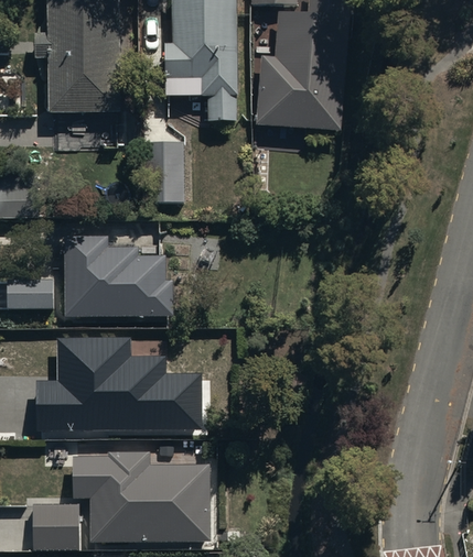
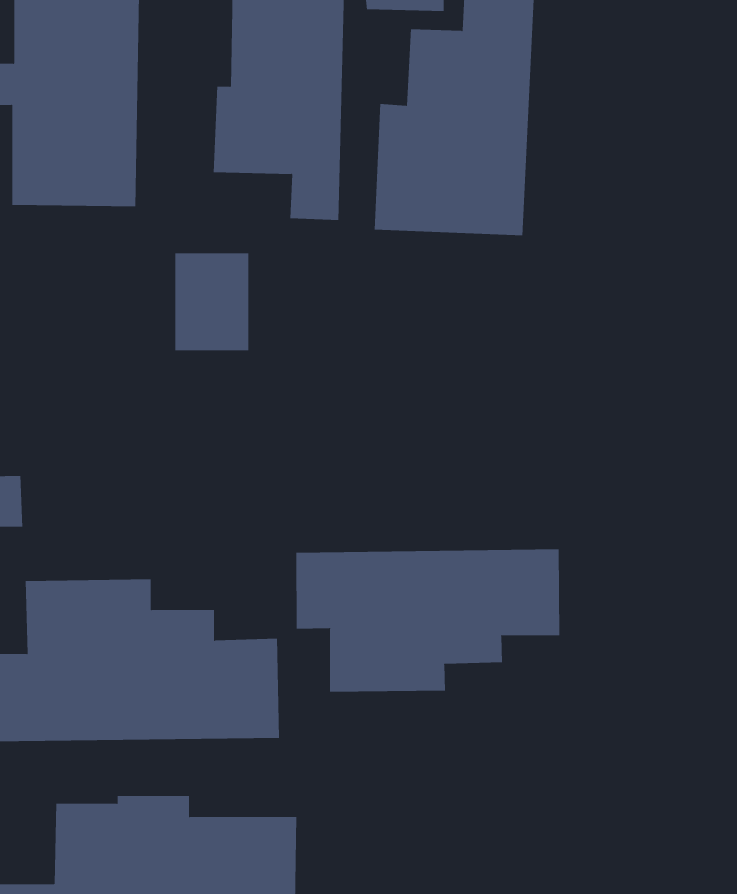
building: [62,230,171,312] -> none
building: none -> [296,549,560,693]

